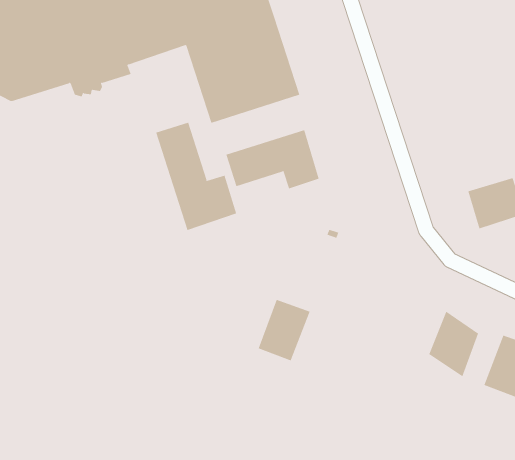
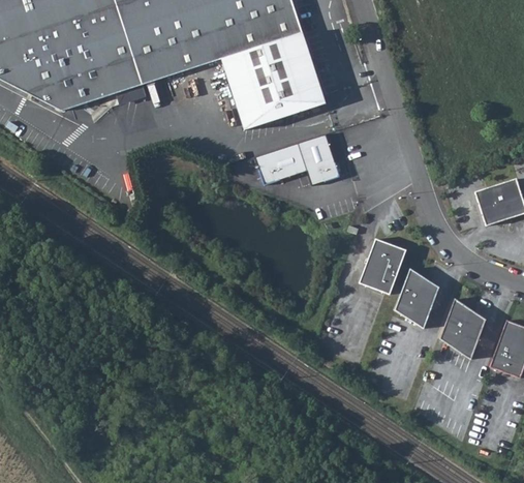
building: [156,122,237,231] -> none
building: none -> [394,268,438,328]
building: [258,299,311,361] -> [359,237,406,293]

